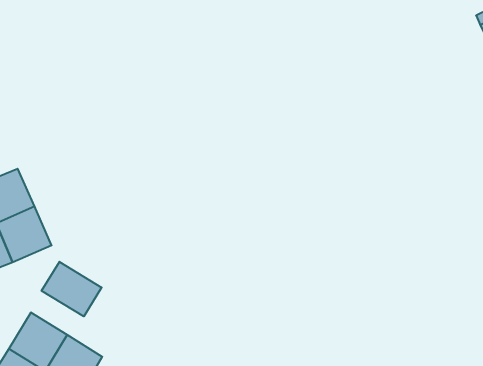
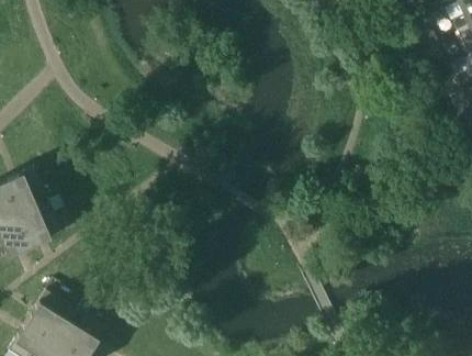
building: [42,262,102,316] -> none

